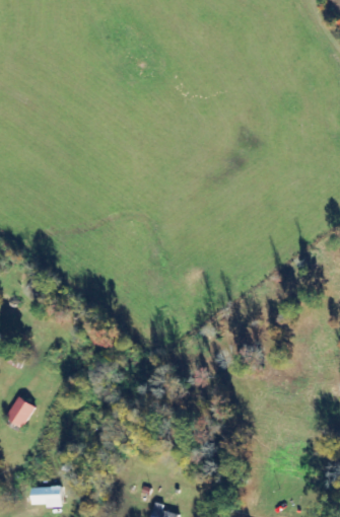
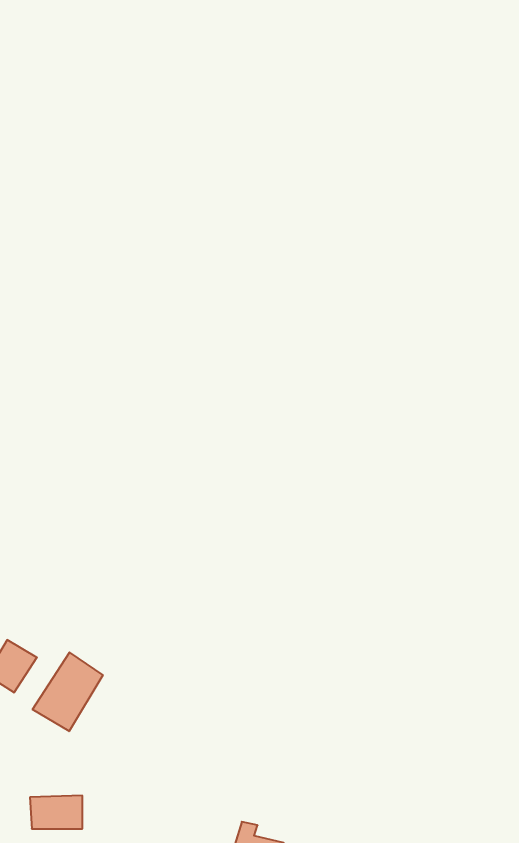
building: none -> [33,652,103,731]

